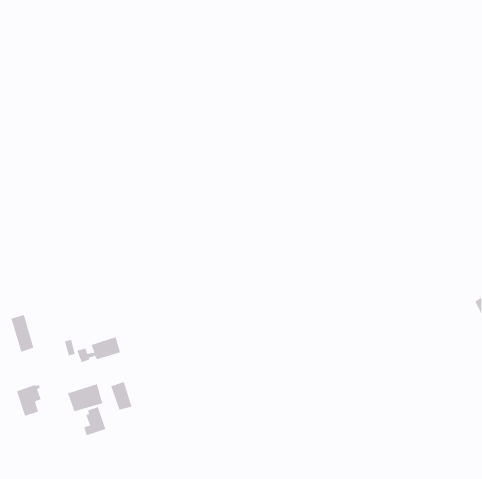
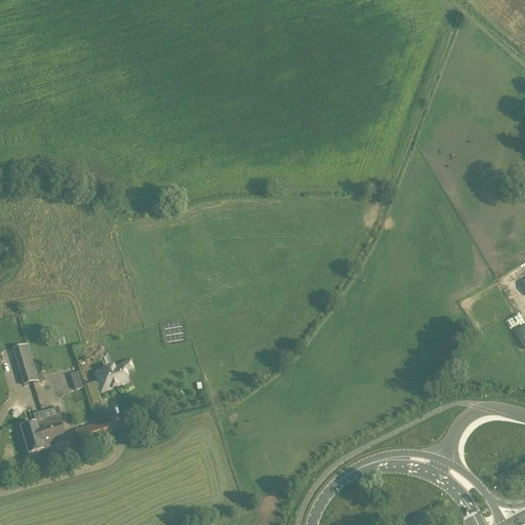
building: [111,381,132,411] -> none
building: [84,406,106,438] -> [39,413,64,447]

